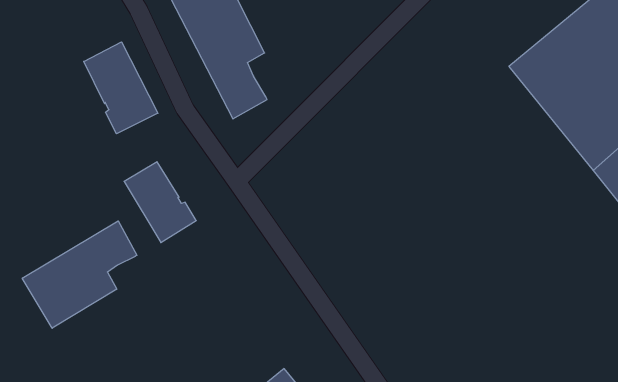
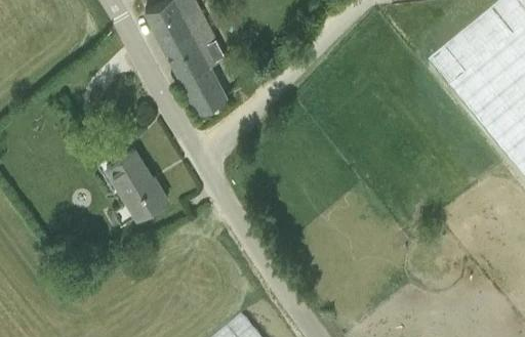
building: [84,42,158,134] -> none
building: [22,221,137,328] -> none

